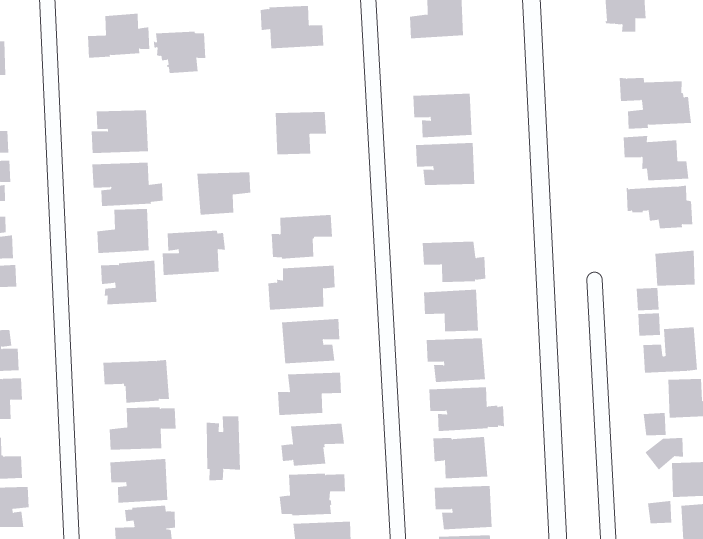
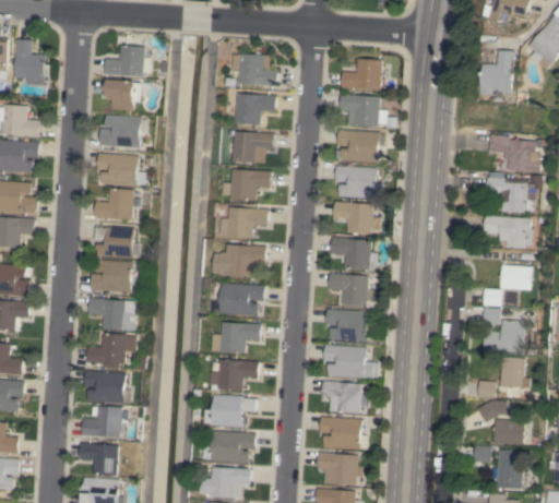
building: [153,31,206,73] -> [105,80,143,111]
building: none -> [340,94,395,129]
building: none -> [236,93,276,125]
building: [196,172,251,215] -> [231,169,272,201]
building: none -> [333,202,379,235]
building: [162,230,226,276] -> [91,260,139,292]
building: [206,415,240,481] -> none

